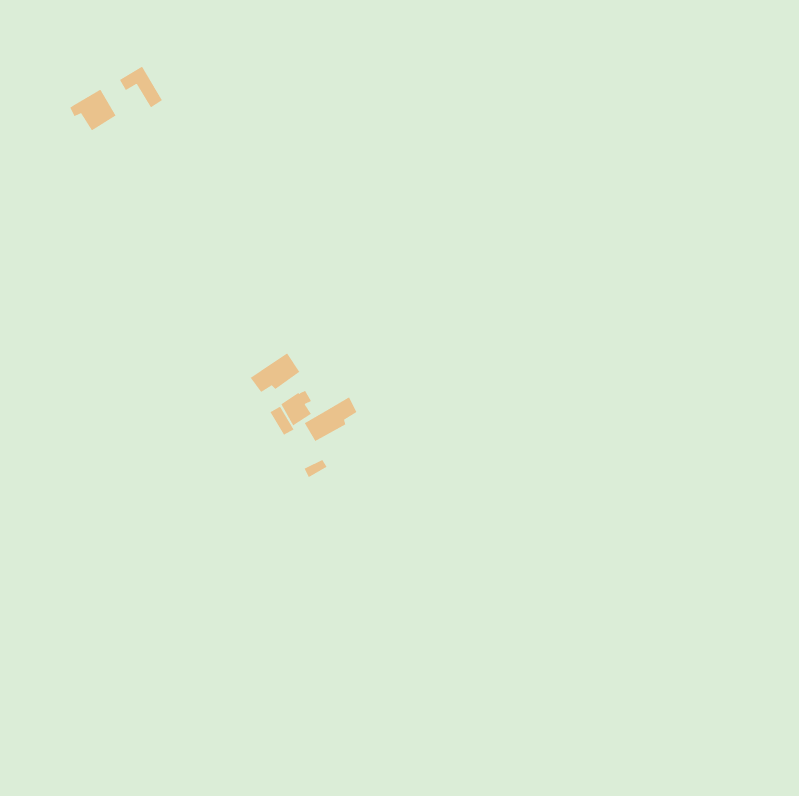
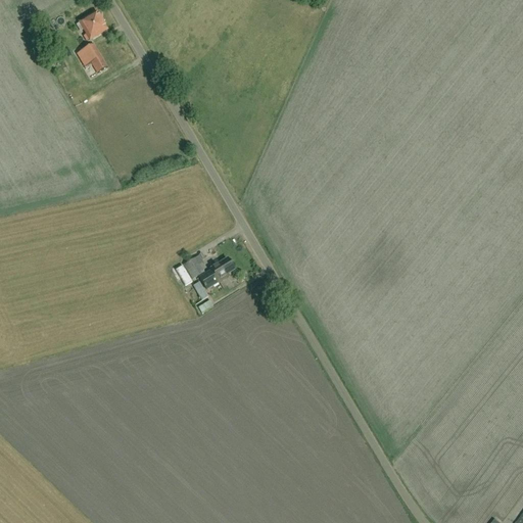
building: [70,89,117,131] -> [77,10,107,38]
building: [250,353,300,393] -> none

